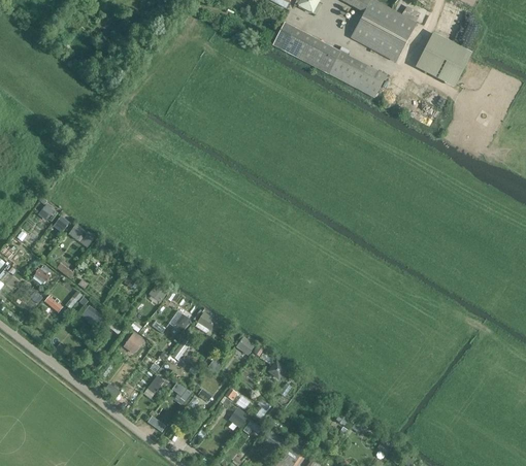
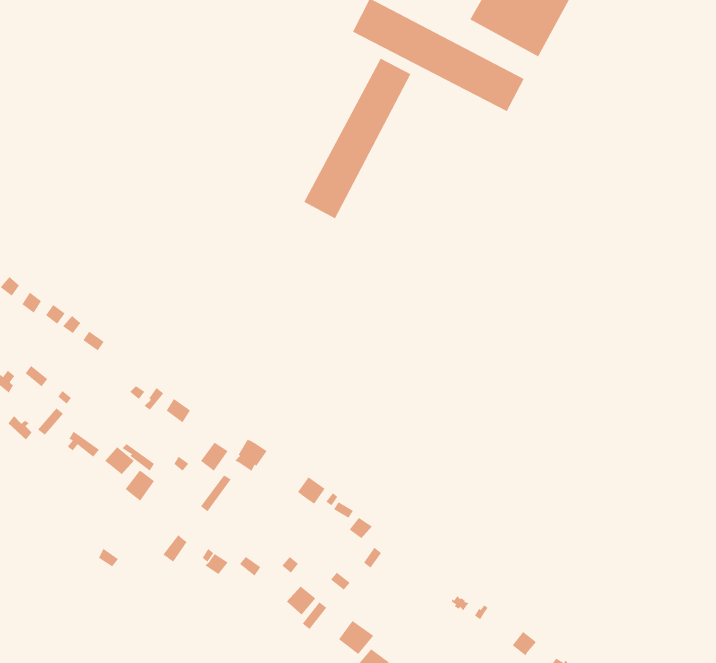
building: [417,34,473,88] -> none
building: none -> [304,58,411,219]

